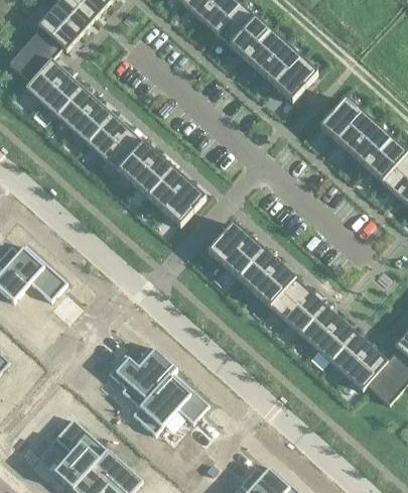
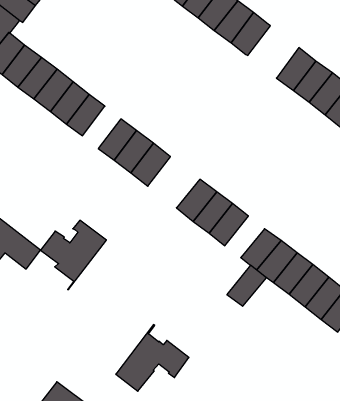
building: [118,141,158,183] -> none
building: [254,264,295,305] -> [227,265,266,306]
building: [108,345,175,414] -> [41,220,106,290]

